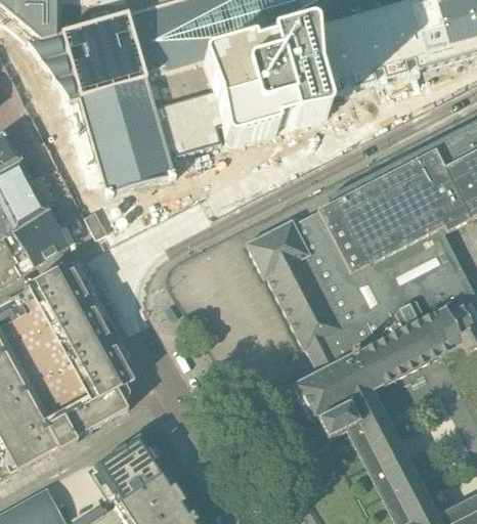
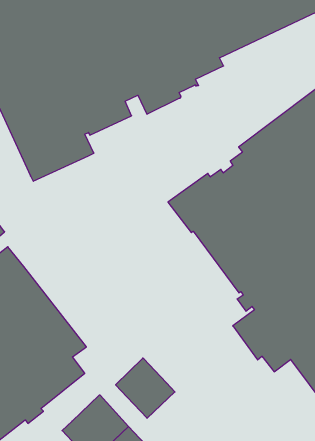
building: none -> [116,358,175,418]

